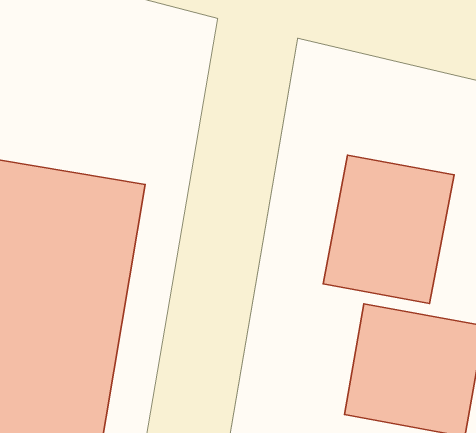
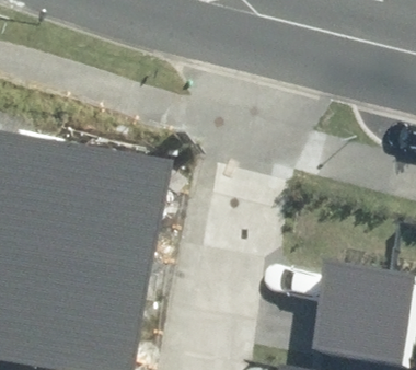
building: [323,155,454,303] -> none

